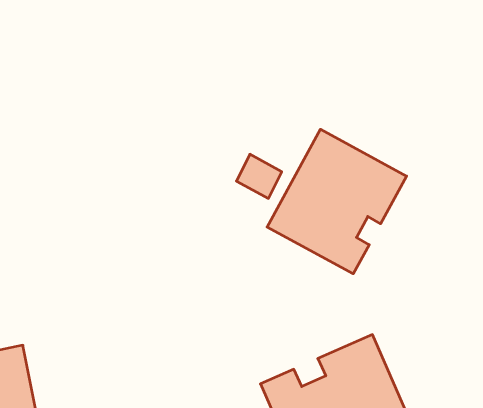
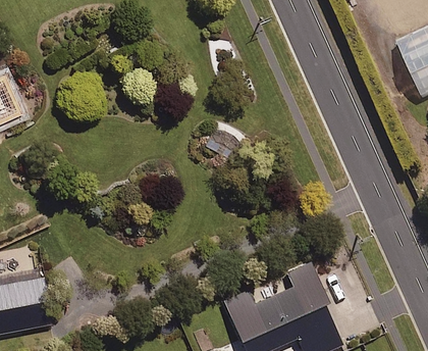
building: [267,129,407,274] -> none

